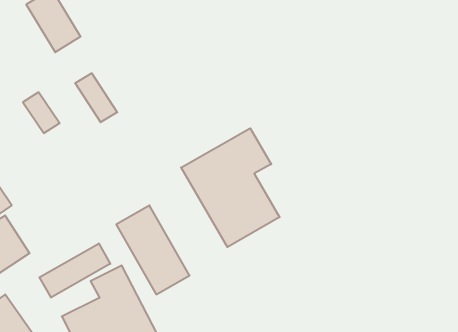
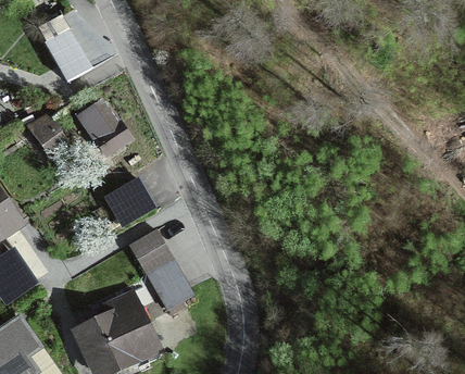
building: [181,128,280,247] -> none
building: none -> [111,174,153,217]
building: [39,243,110,298] -> none

